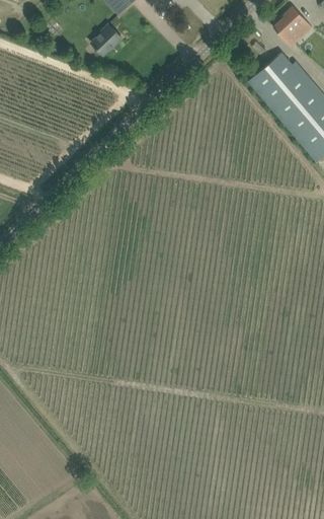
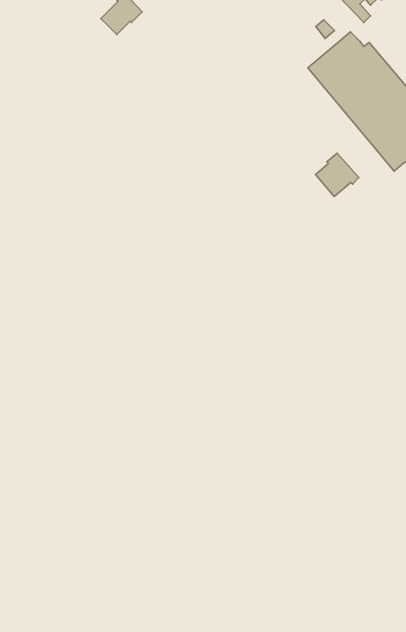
building: none -> [316,153,359,197]

